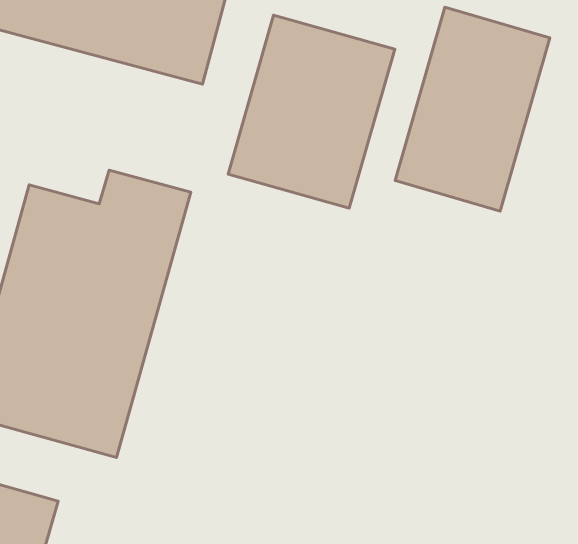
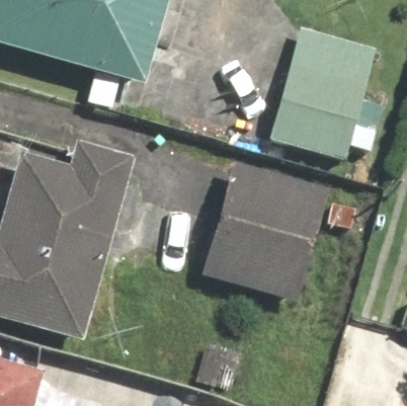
building: [228,15,395,208] -> none
building: none -> [205,168,327,299]

